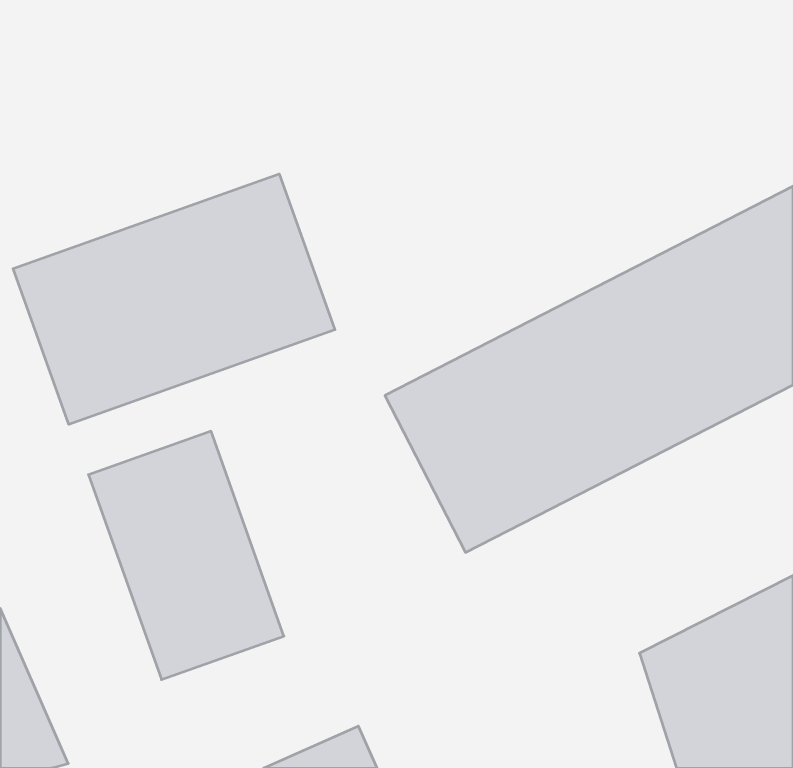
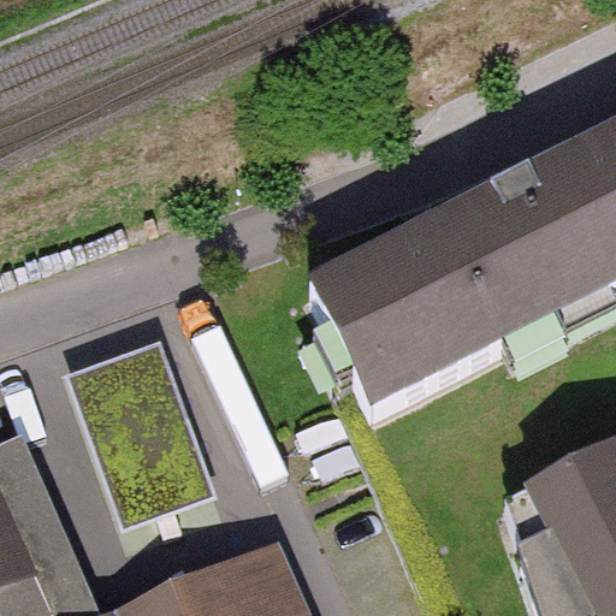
building: [13,174,335,424] -> none

